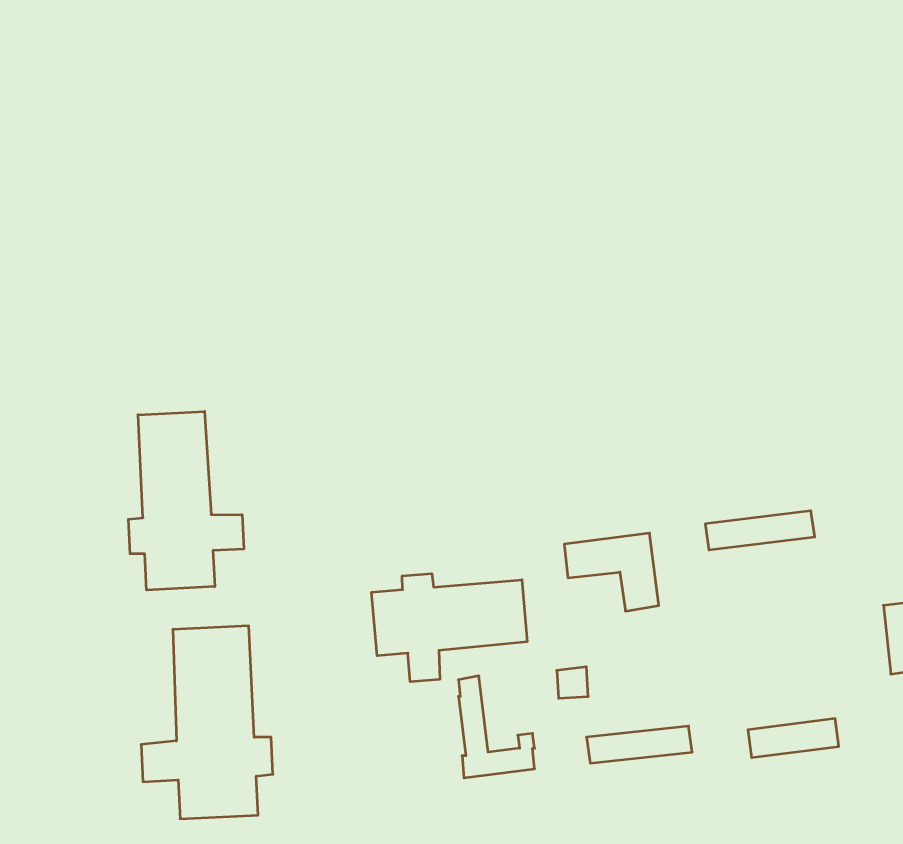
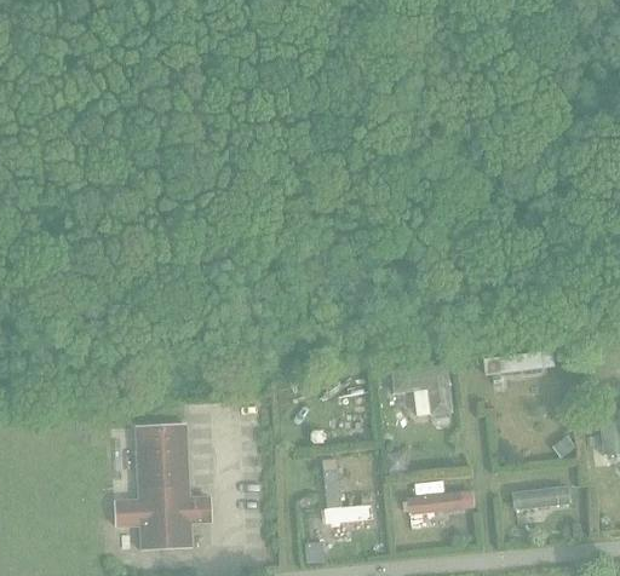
building: [128,411,244,590] -> none
building: [372,574,527,682] -> none

